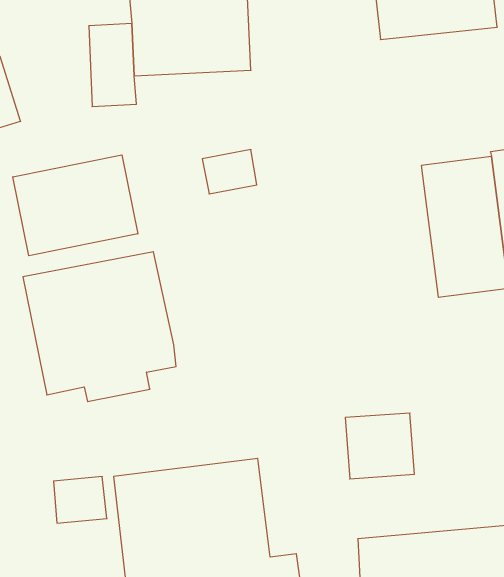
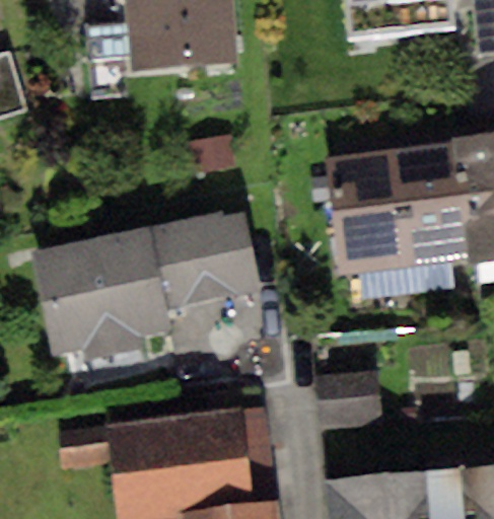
building: [13,155,138,256] -> none
building: none -> [326,150,403,276]
building: none -> [148,212,259,310]

